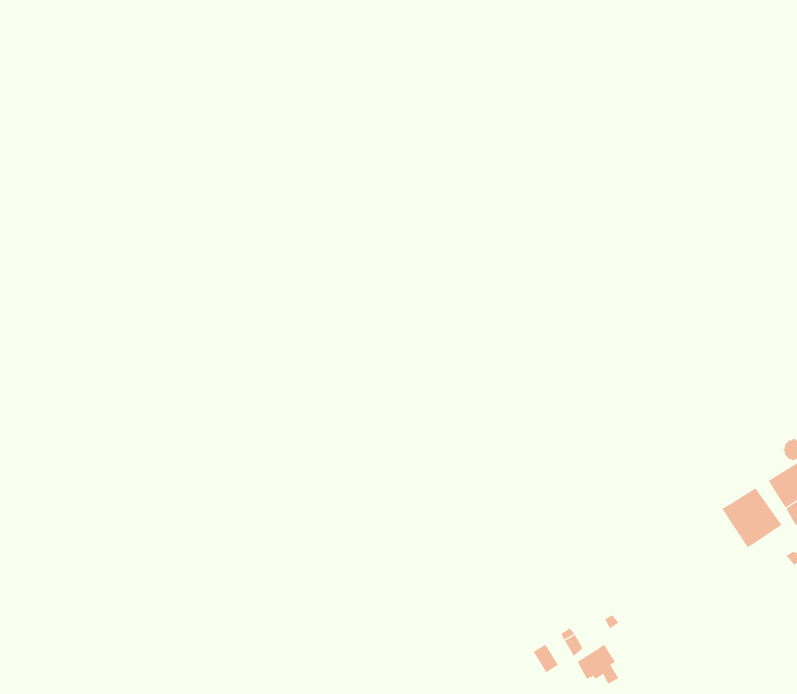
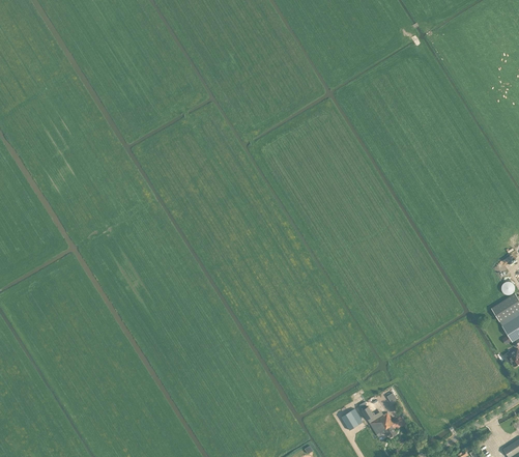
building: [722,487,782,548] -> none

